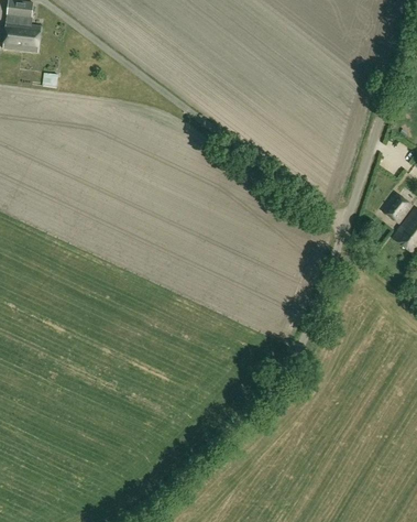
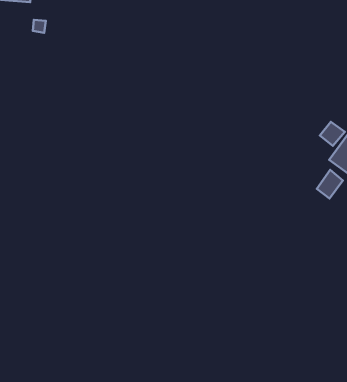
building: none -> [317,170,343,198]

